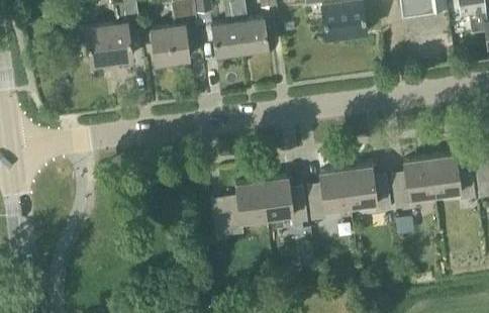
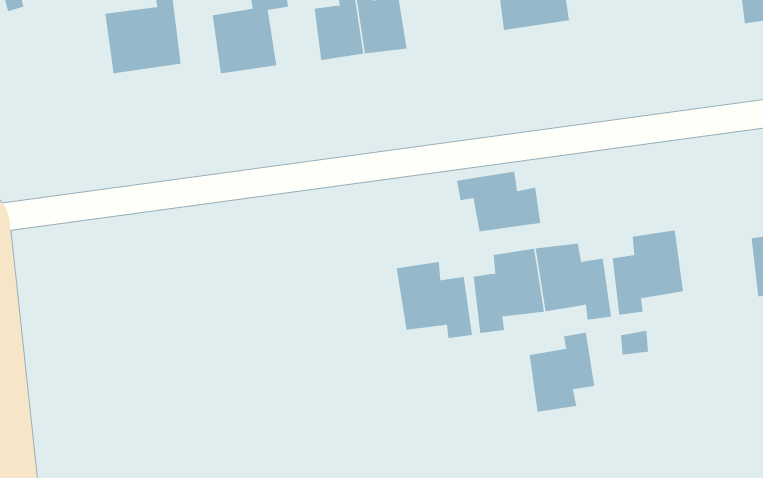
building: none -> [457,171,541,232]
building: [430,156,476,202] -> none
building: [211,183,268,238] -> none
building: none -> [529,332,595,412]

